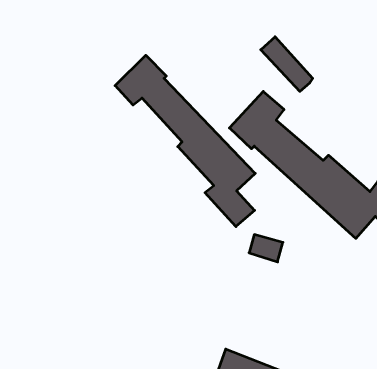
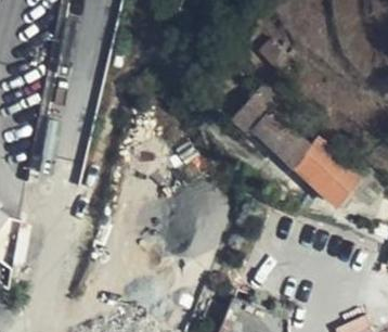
building: [115,55,255,227] -> none

